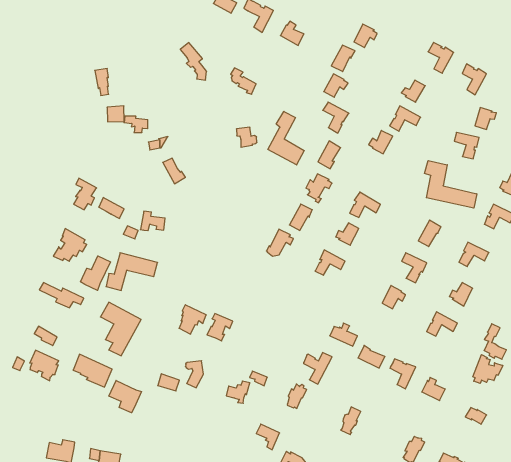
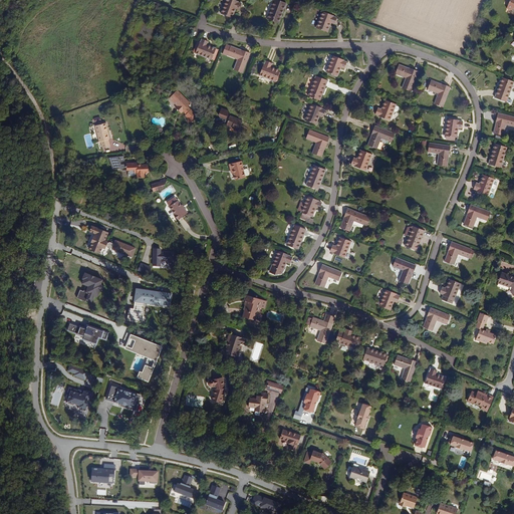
building: [268,111,304,165] -> none
building: [425,161,477,208] -> none
building: [81,256,111,290] -> none
building: [179,305,206,334] -> [242,294,265,320]
building: [304,353,332,384] -> [309,314,334,343]
building: [473,355,503,383] -> none
building: [109,380,142,413] -> none

